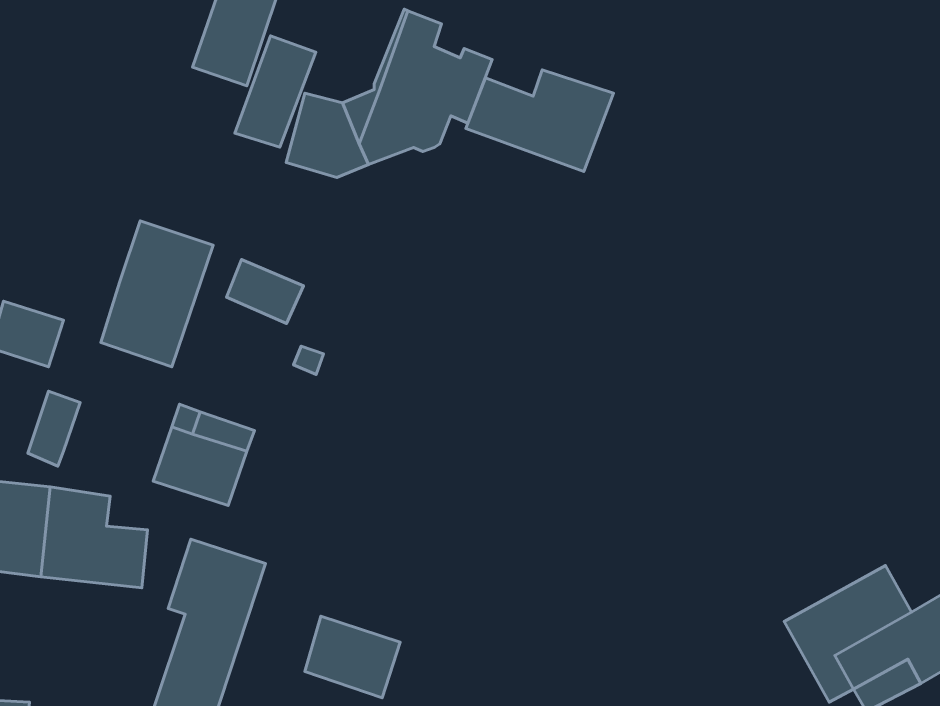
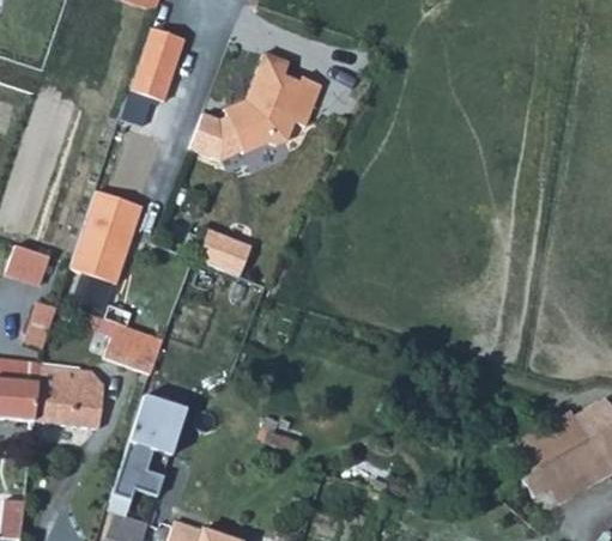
building: [235,36,316,147] -> none
building: [466,70,613,172] -> none
building: [227,260,303,323] -> [199,235,248,275]
building: [305,616,400,698] -> none

